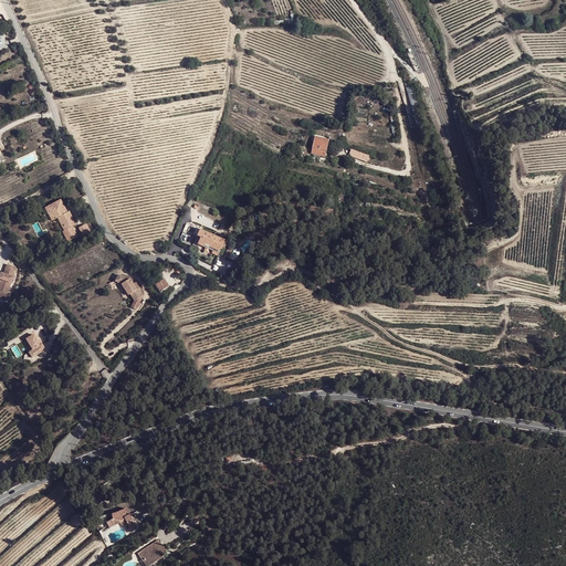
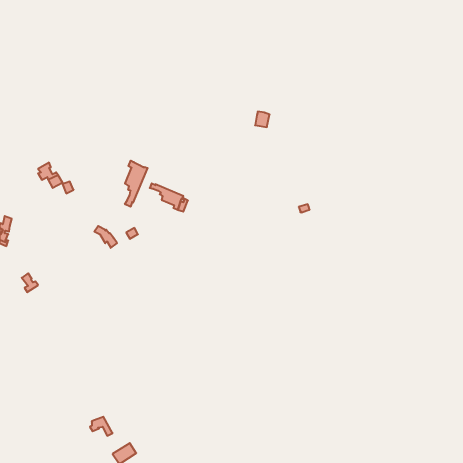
building: none -> [125,161,148,207]

